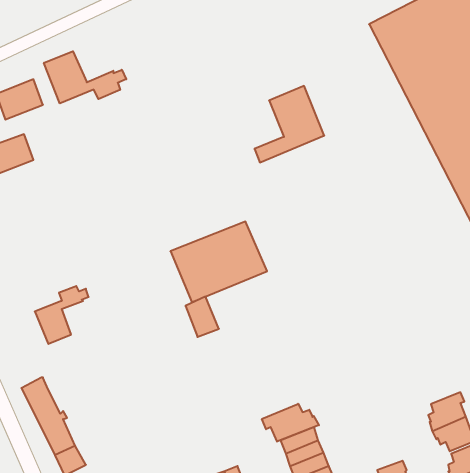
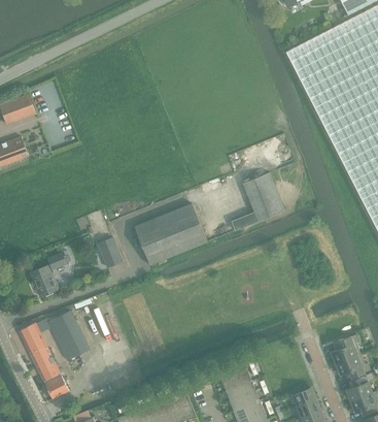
building: [44,51,126,103] -> none
building: [254,86,324,162] -> [232,171,285,230]
building: [185,297,219,337] -> [98,236,124,267]
building: none -> [36,311,91,360]
building: [262,404,319,442] -> none

